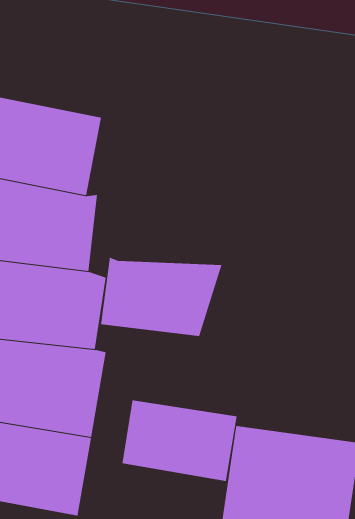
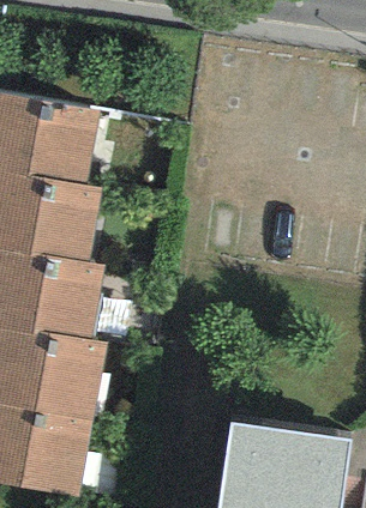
building: [100,257,222,337] -> none
building: [122,400,237,482] -> none

